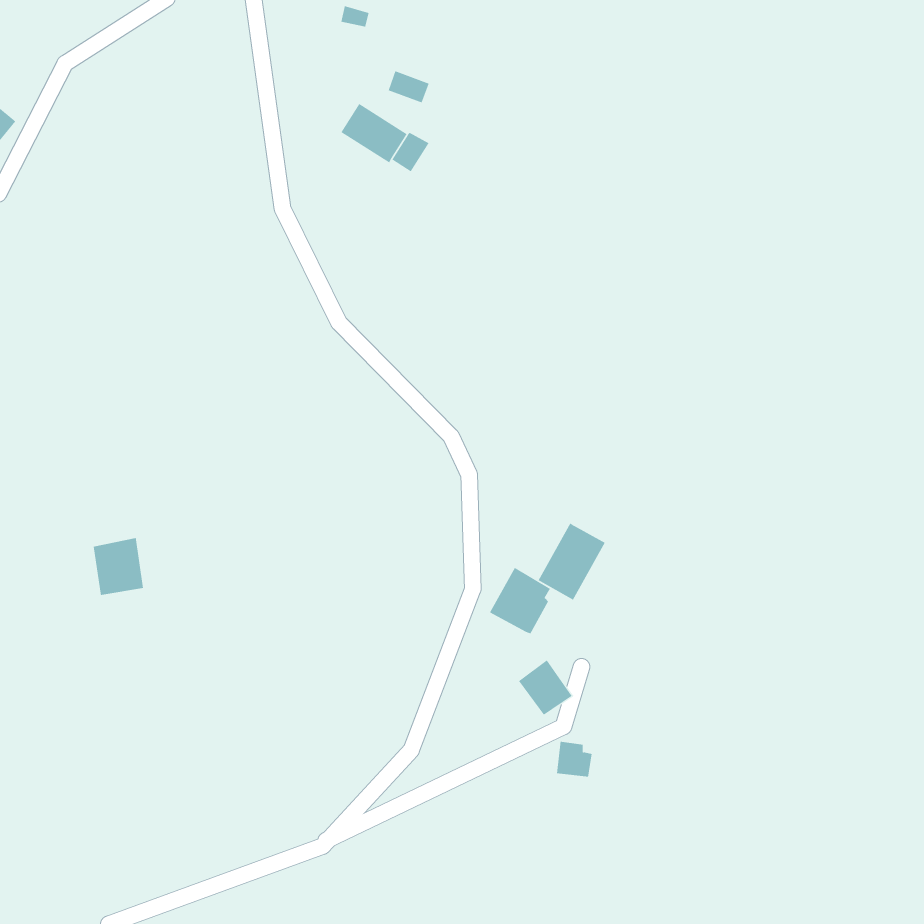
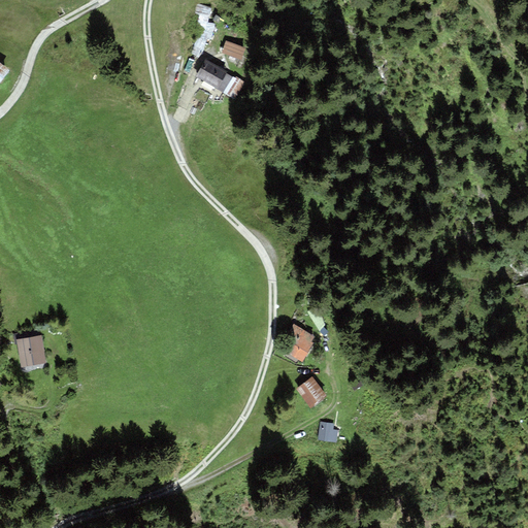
building: [538,523,605,600] -> none
building: [93,538,144,596] -> [15,334,44,367]

